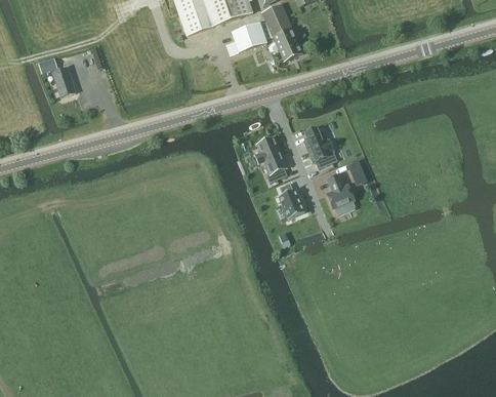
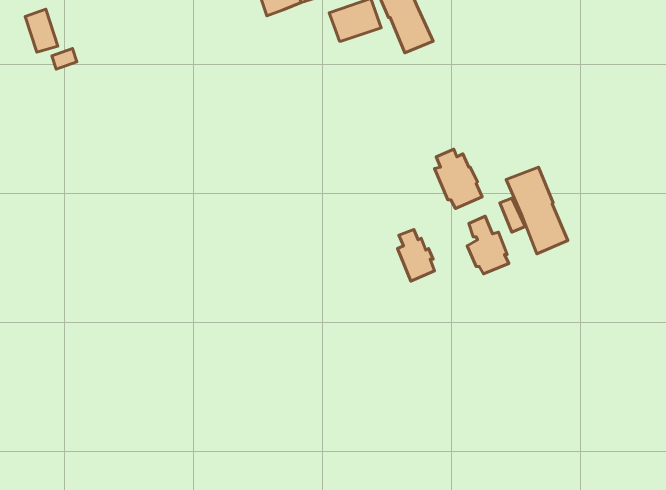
building: [52,66,75,95] -> [25,9,58,52]
building: [254,135,287,182] -> none
building: none -> [506,167,568,254]

